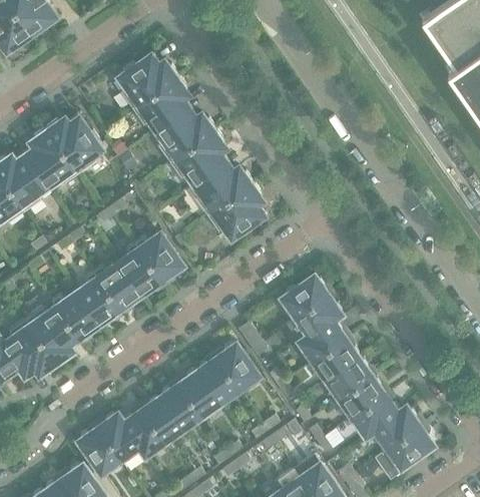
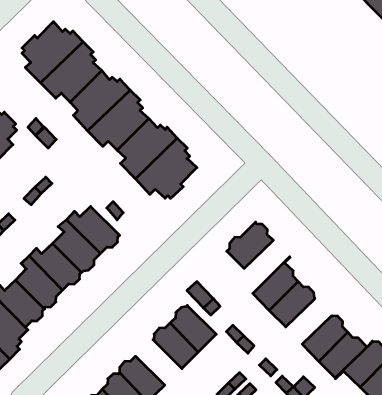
building: [296,296,341,343] -> none
building: [326,358,371,399] -> none
building: [178,371,220,416] -> none

